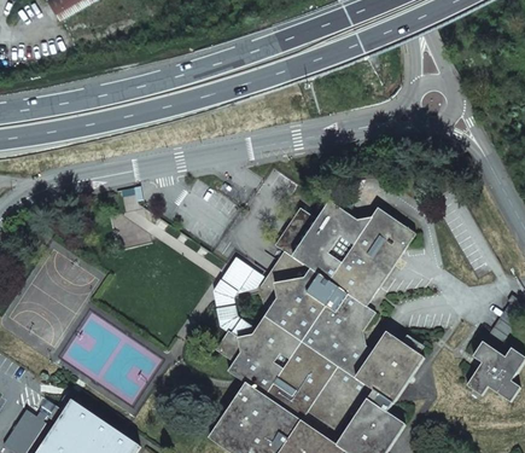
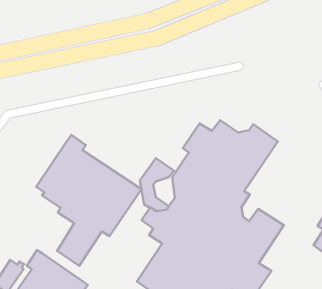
building: none -> [36,135,141,266]

